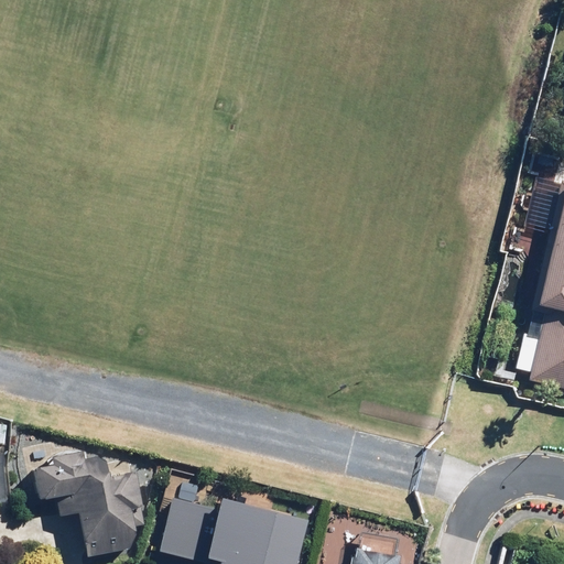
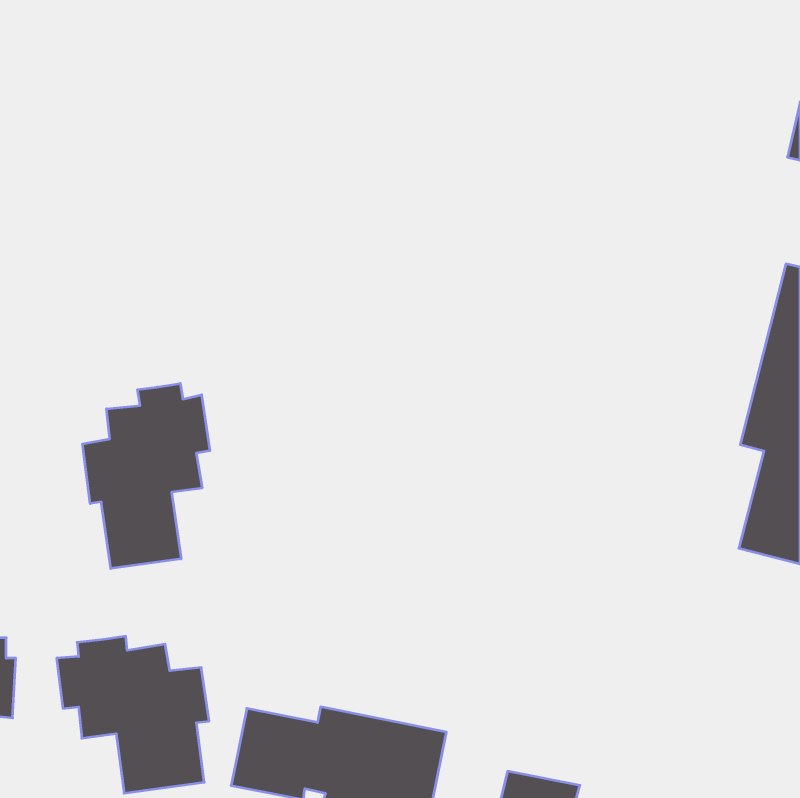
building: none -> [83,383,210,569]

